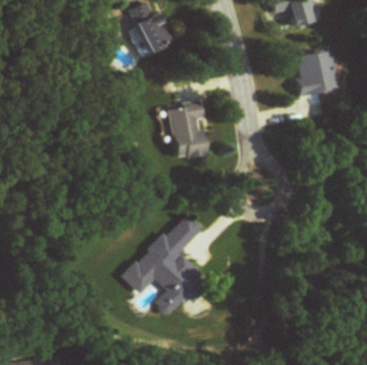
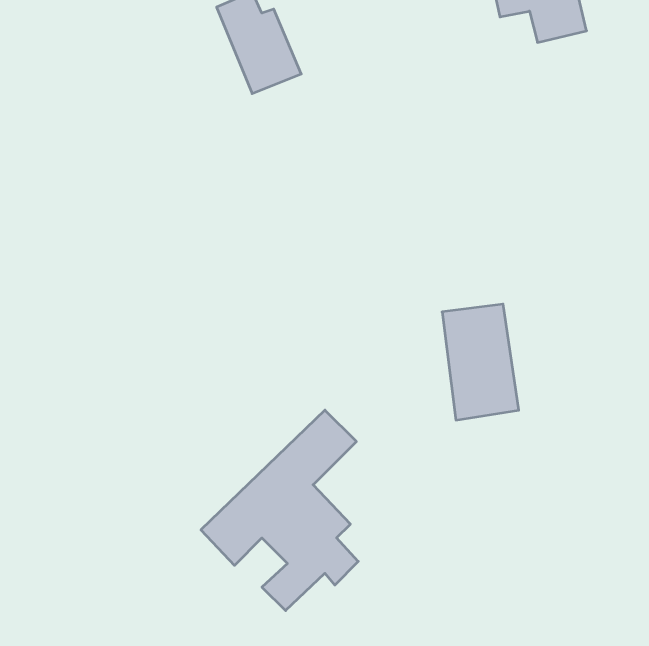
building: [294,51,337,96] -> none
building: [167,101,207,160] -> [442,304,519,420]

